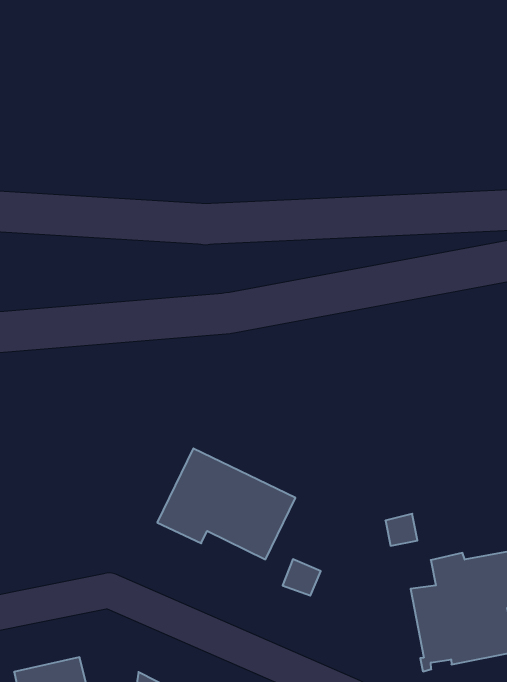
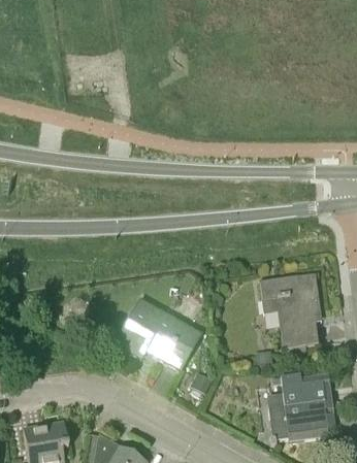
building: none -> [260,274,320,349]

